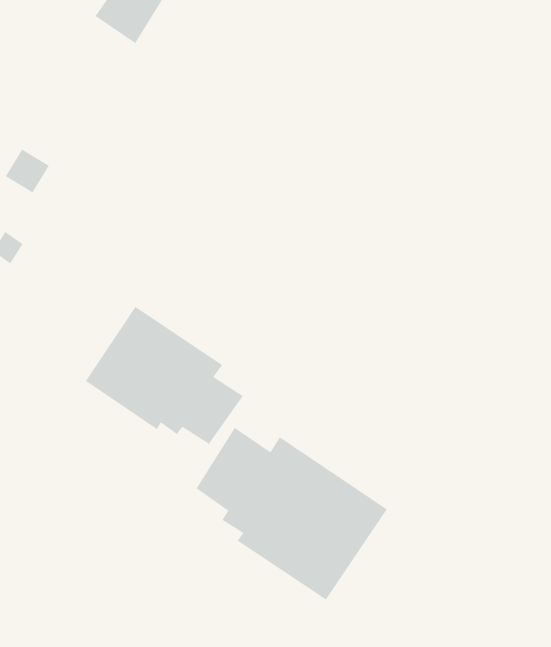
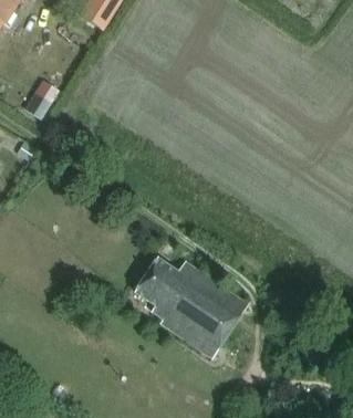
building: [85,306,244,445] -> none

